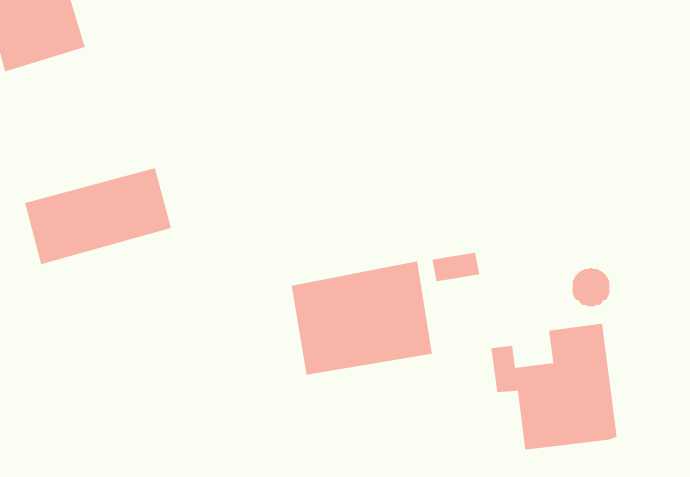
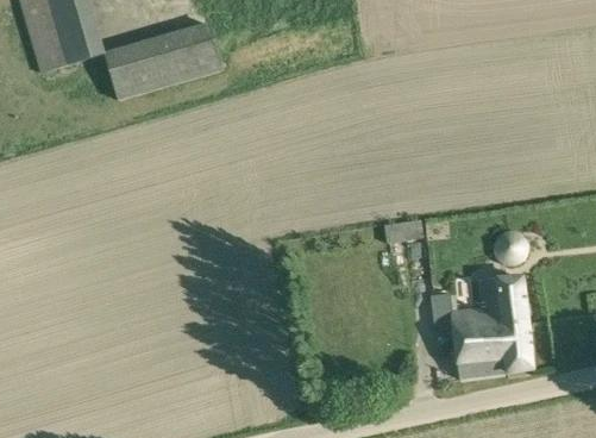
building: [24,168,172,265] -> [103,21,222,100]
building: [291,261,432,376] -> none

